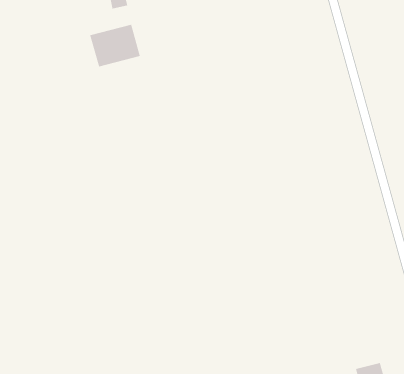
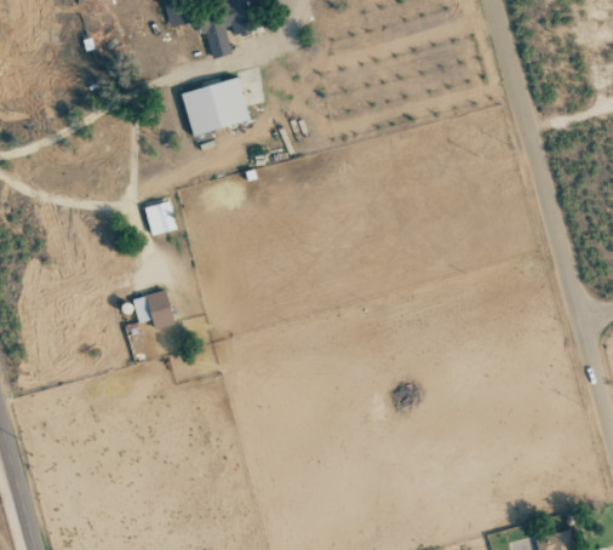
building: none -> [144,201,177,236]
building: none -> [132,290,174,330]

